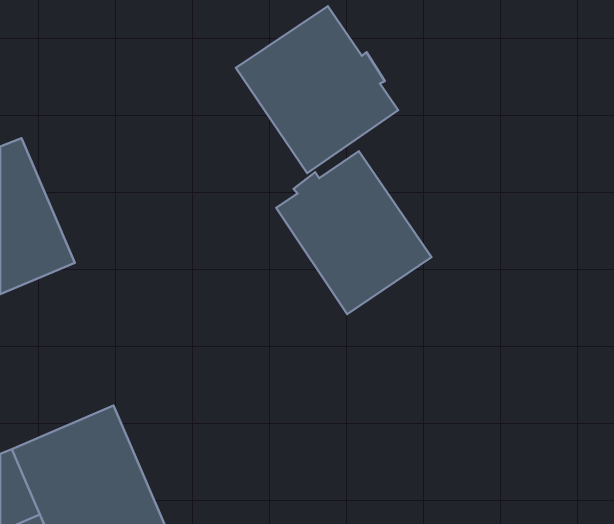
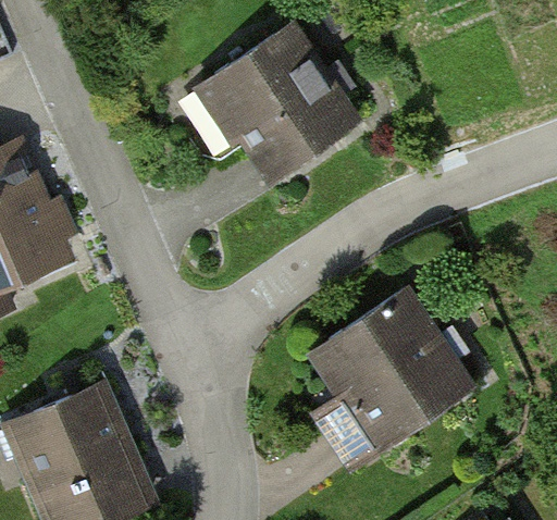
building: [276,151,431,314] -> none
building: none -> [322,288,473,461]

